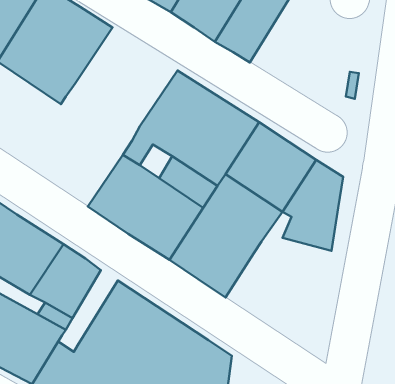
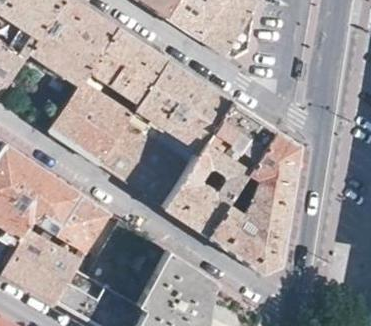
building: none -> [92,28,171,104]
building: none -> [51,81,136,166]
building: none -> [208,187,290,273]

